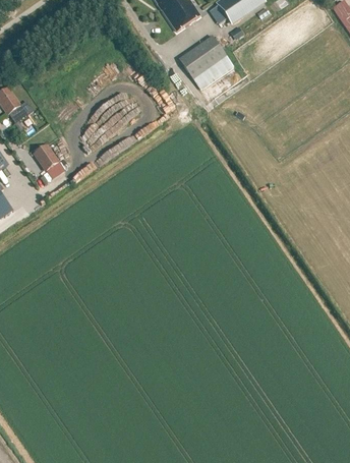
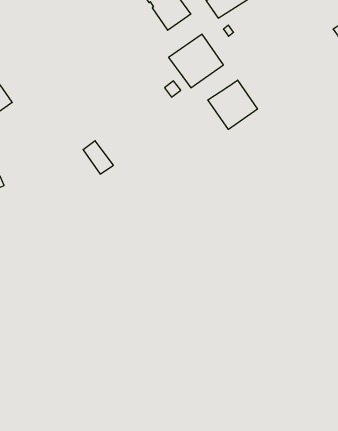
building: none -> [208,80,257,129]
building: [34,143,64,177] -> [83,141,113,174]

